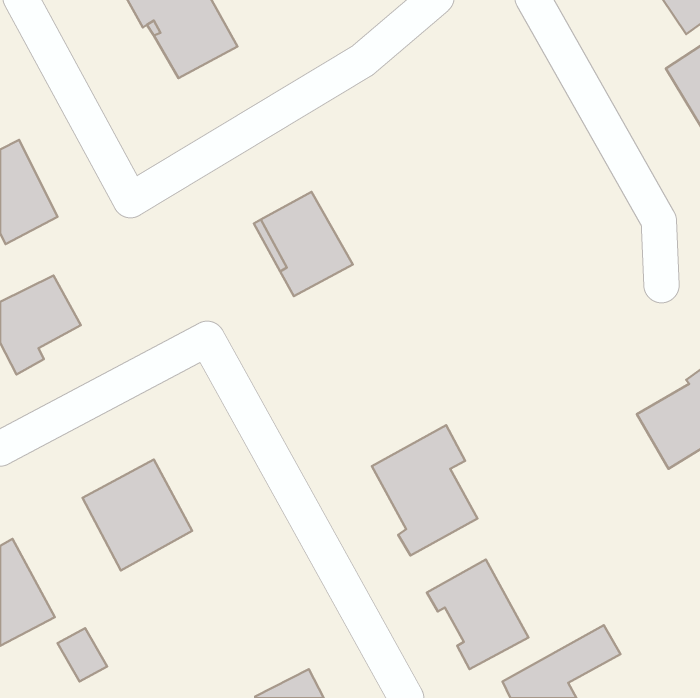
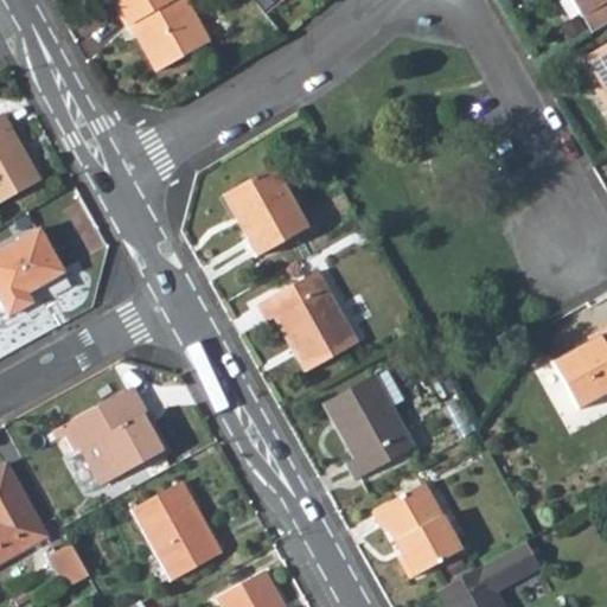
building: none -> [255,269,354,370]
building: none -> [141,492,225,584]

